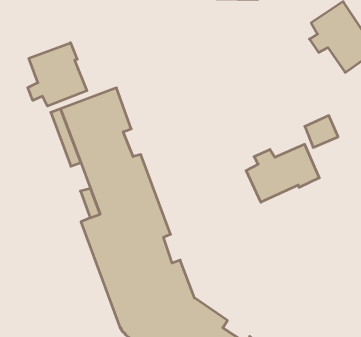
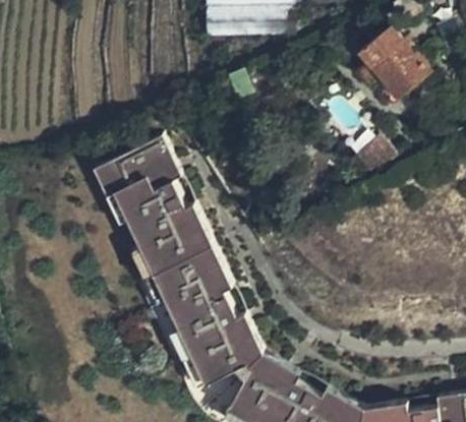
building: [28,43,87,106] -> none
building: [246,144,319,202] -> none

